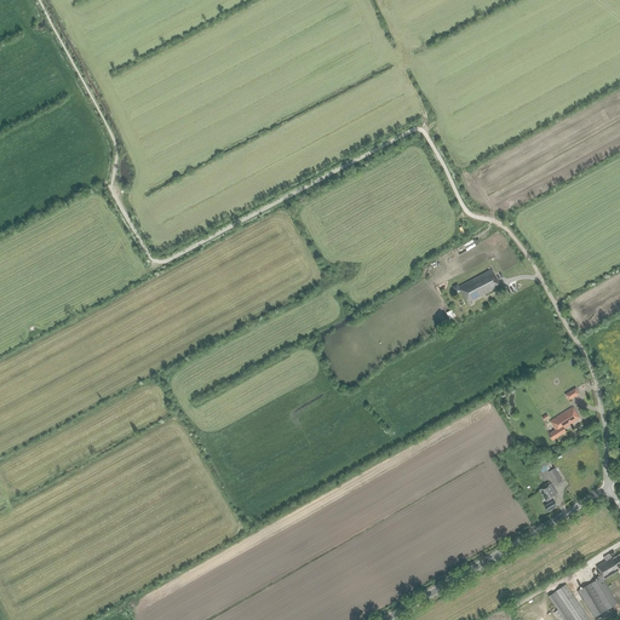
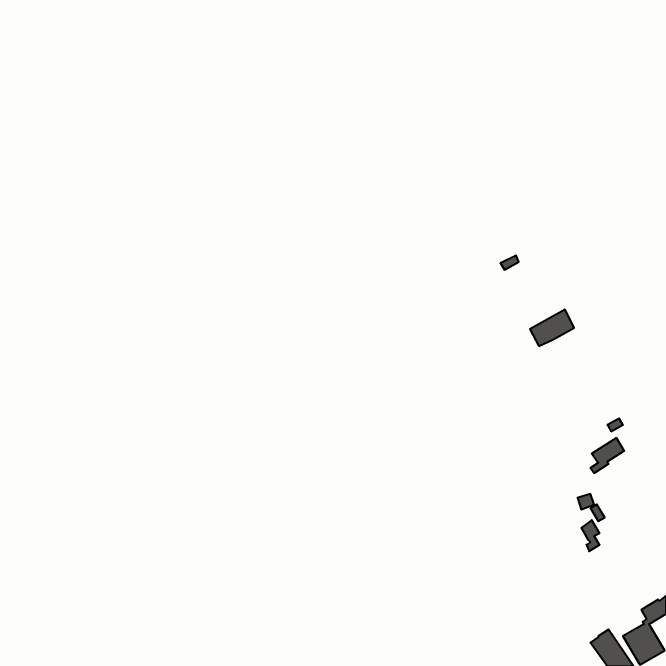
building: [459,269,500,303] -> [530,310,574,346]

